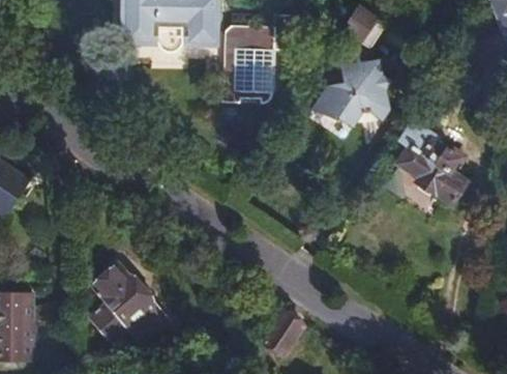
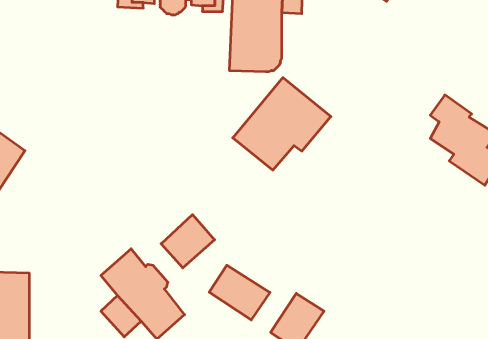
building: [308,49,399,135] -> [233,78,331,170]
building: none -> [161,215,215,268]
building: none -> [209,265,270,320]

